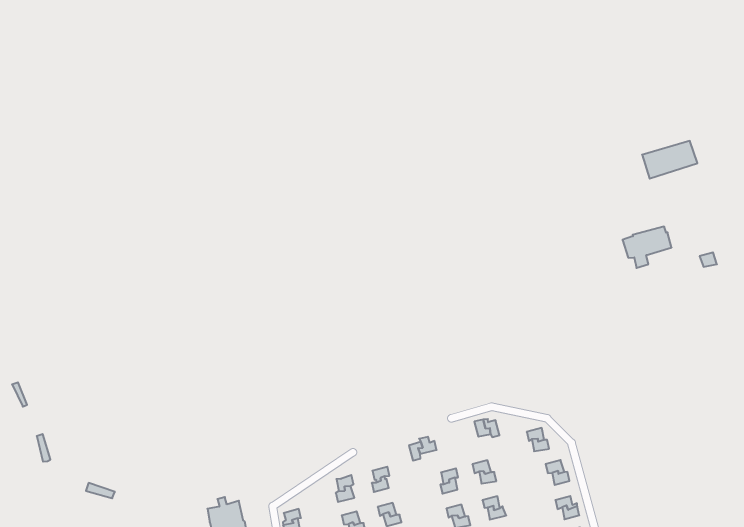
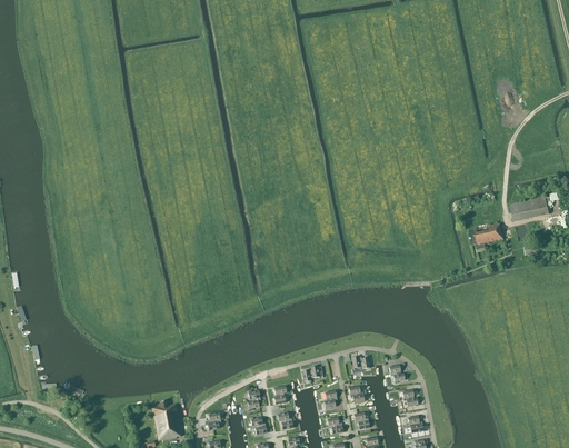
building: [642,141,697,179] -> [509,196,549,221]

